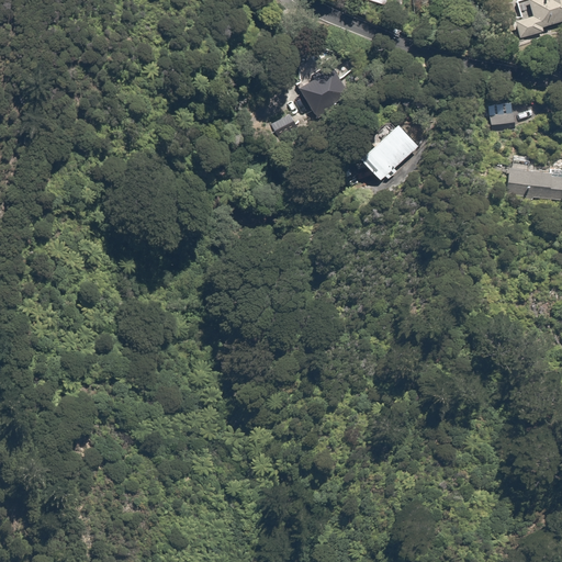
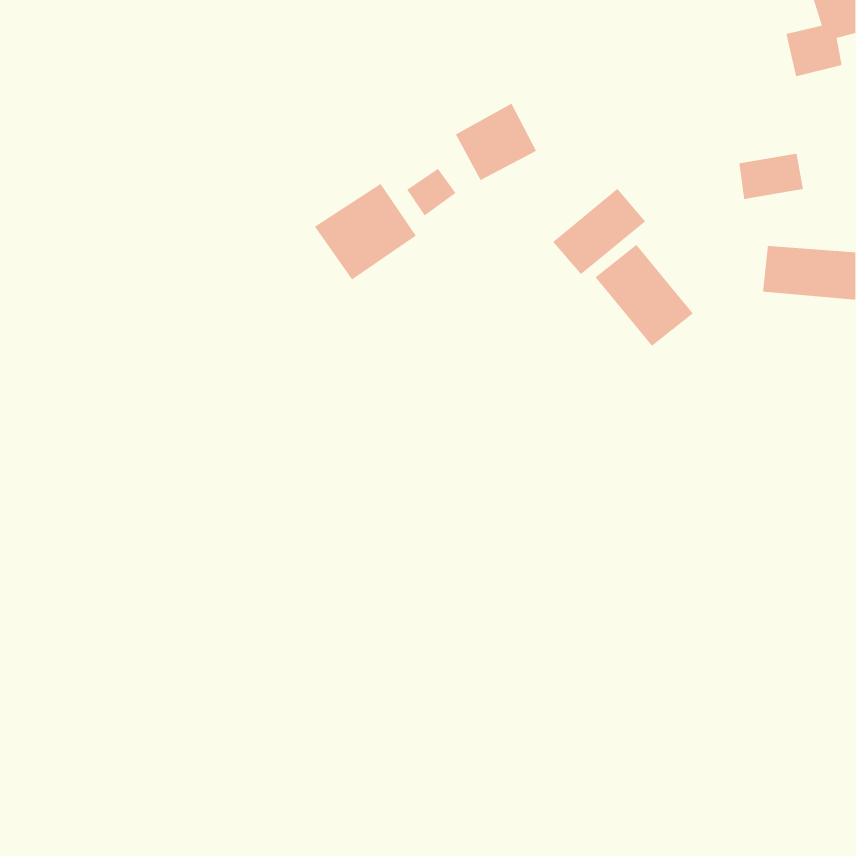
building: none -> [314,183,417,281]
building: none -> [595,244,694,347]

